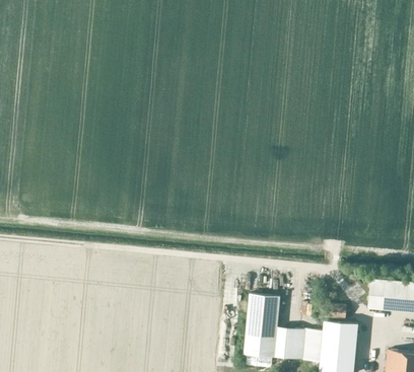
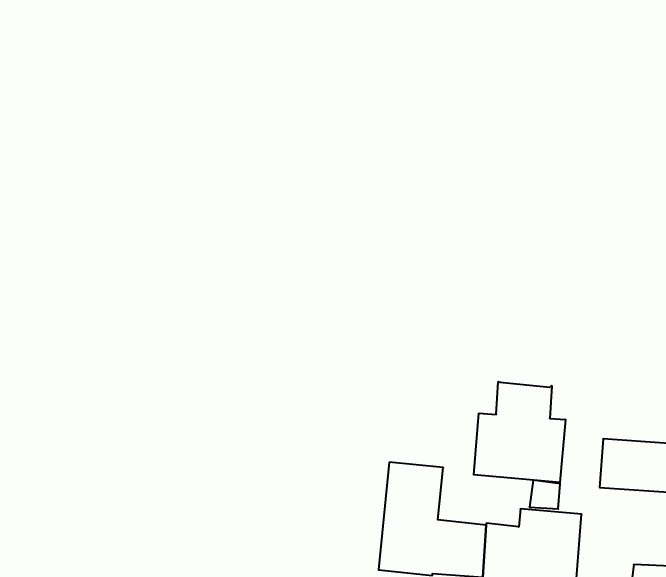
building: none -> [474,382,565,483]

